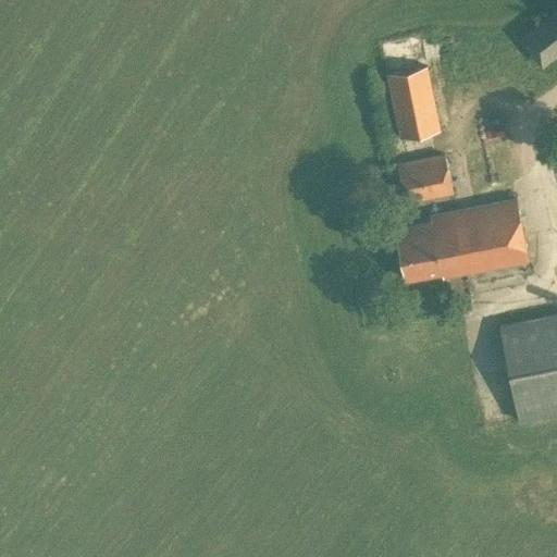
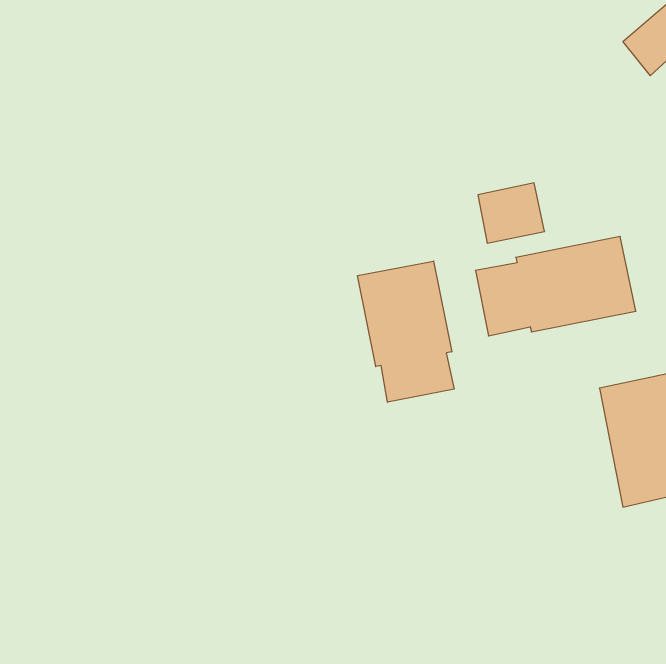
building: [387,69,443,140] -> none
building: none -> [358,261,454,402]

